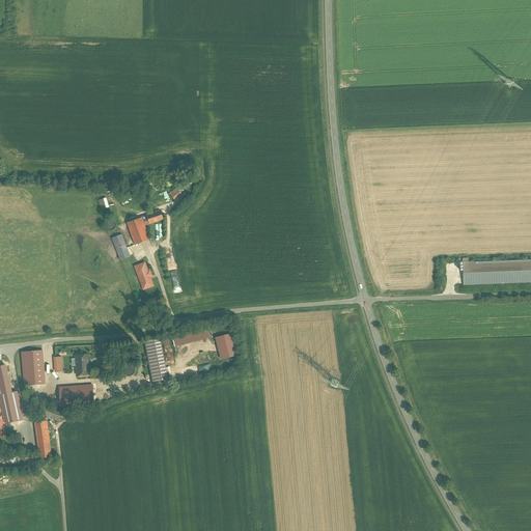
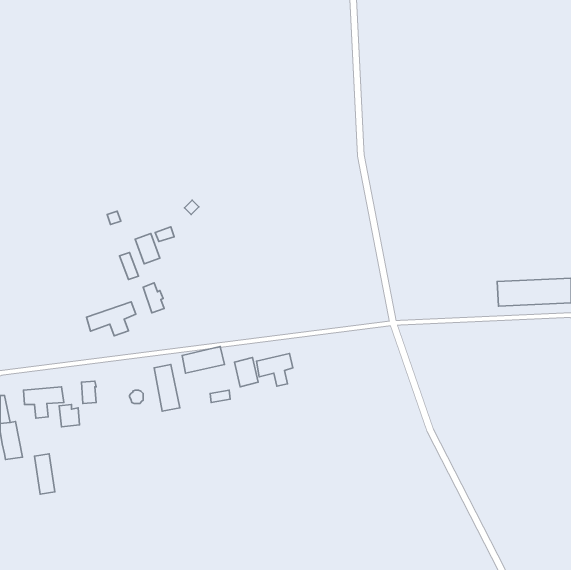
building: none -> [87,302,136,336]
building: none -> [256,353,293,386]

